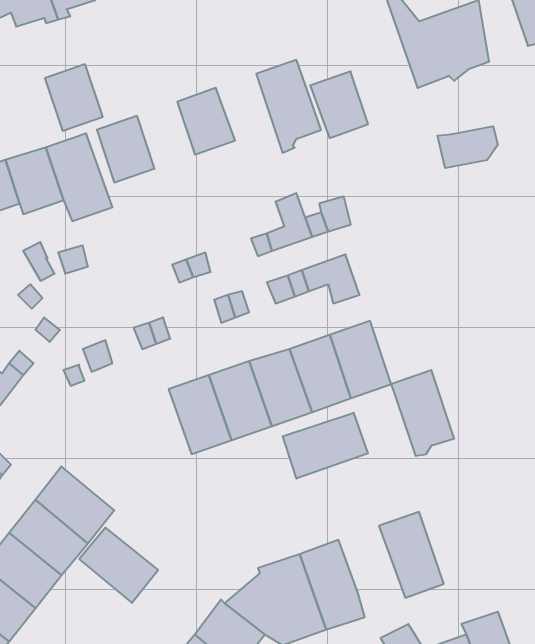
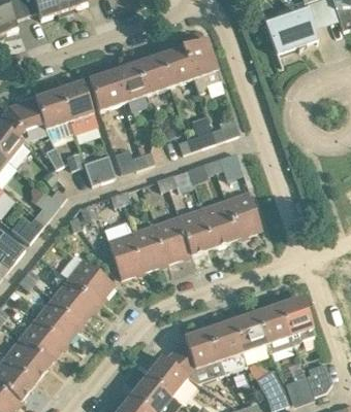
building: [45,64,103,131] -> [113,63,147,102]
building: [310,71,368,138] -> [159,46,193,85]
building: [438,126,498,168] -> none
building: none -> [85,156,115,184]
building: [391,370,454,456] -> [279,296,316,346]
building: none -> [107,232,145,278]
building: [283,413,368,479] -> none
building: none -> [231,312,266,351]
building: [79,528,158,603] -> [68,259,115,303]

